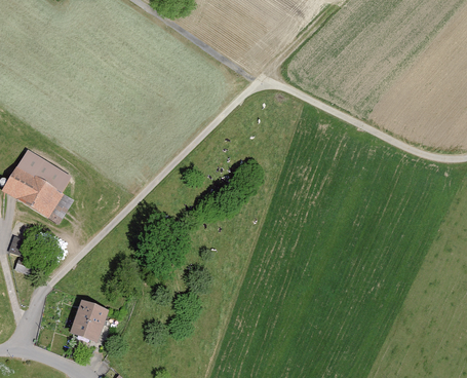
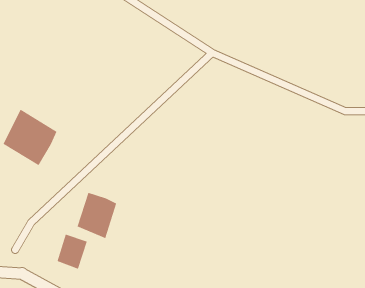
building: none -> [77,192,117,239]

